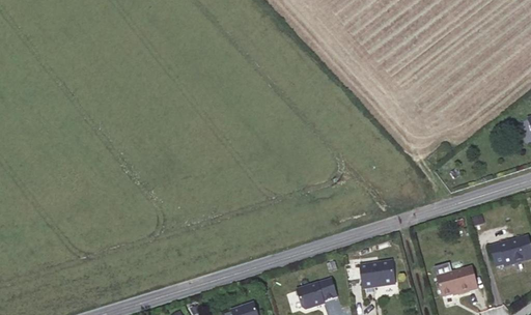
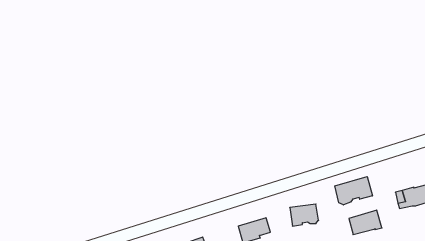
building: none -> [335,177,372,205]

